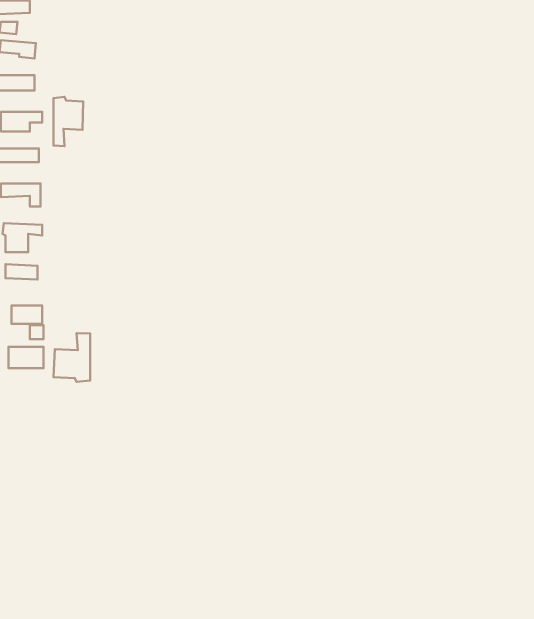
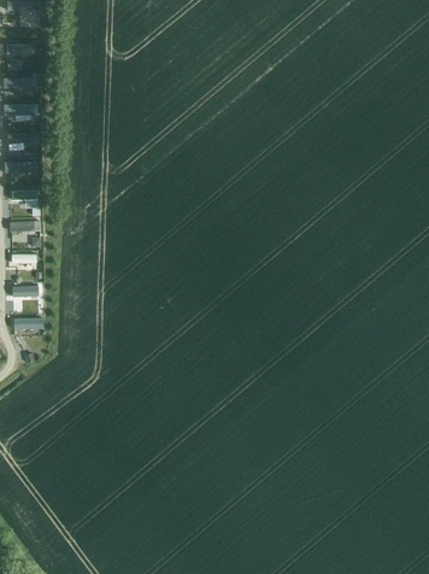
building: [54,97,83,146] -> none
building: [54,333,90,382] -> none

